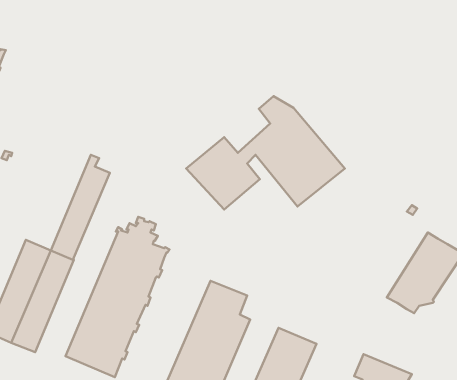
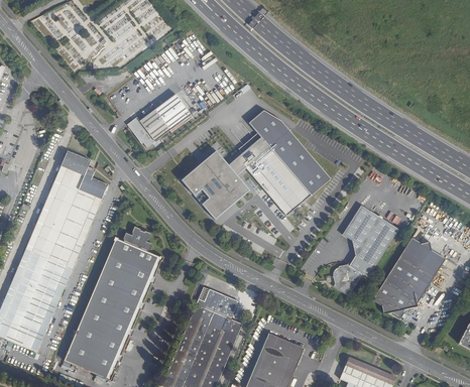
building: none -> [126,94,190,147]
building: none -> [25,149,90,257]
building: none -> [334,205,399,296]

